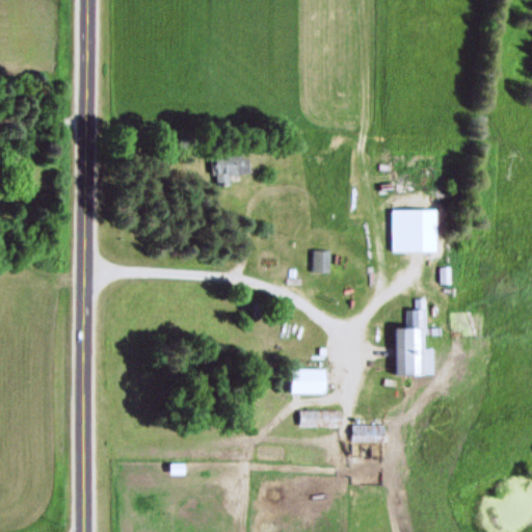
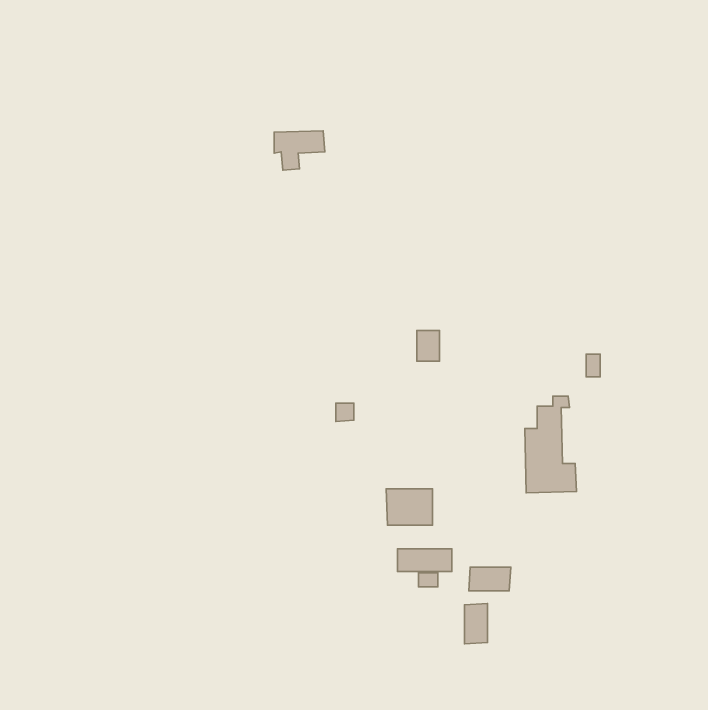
building: [211,158,248,187] -> [274,131,325,170]
building: [393,208,437,254] -> none
building: none -> [464,604,488,644]

